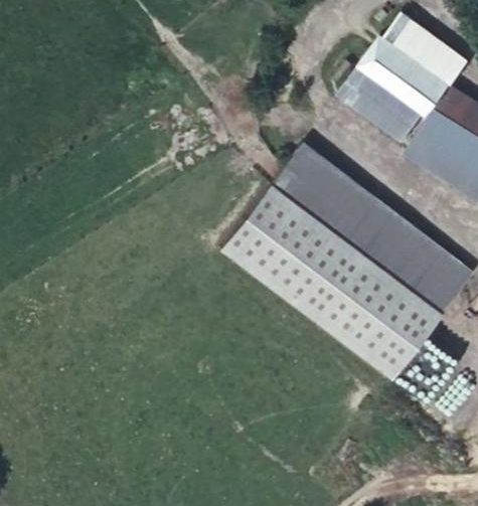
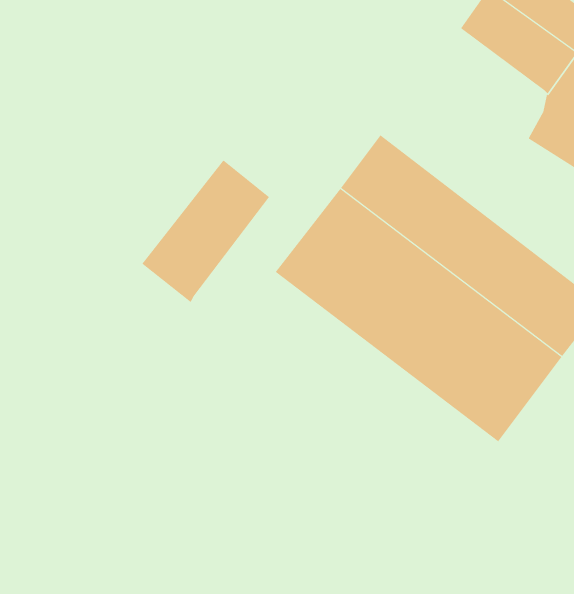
building: [341,65,425,140] -> none
building: none -> [141,160,270,303]

